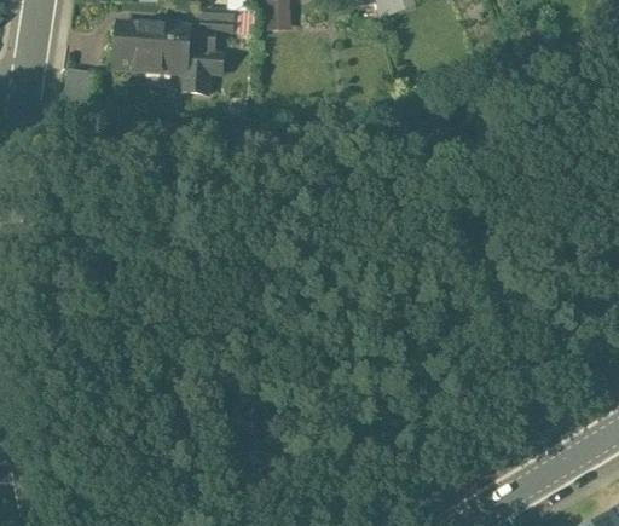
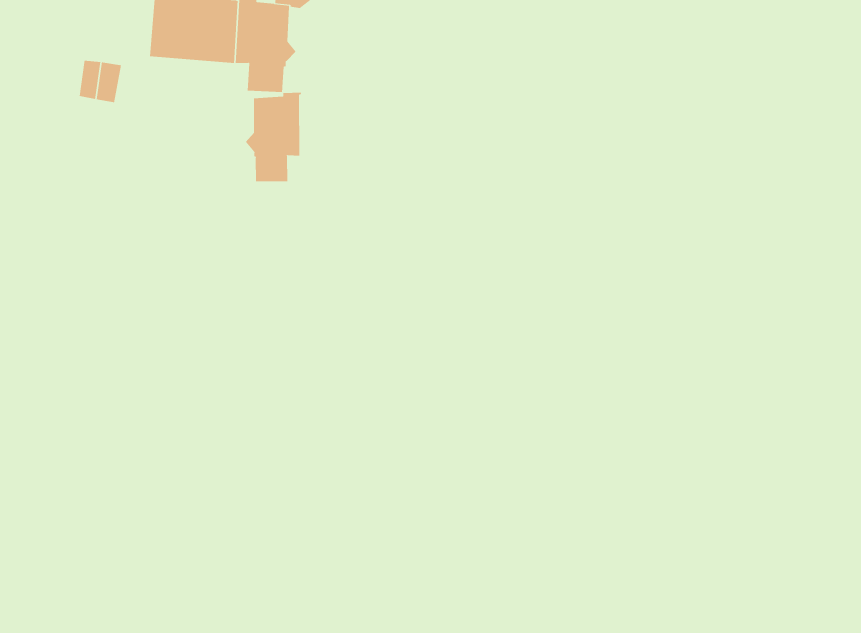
building: none -> [245,92,301,182]

